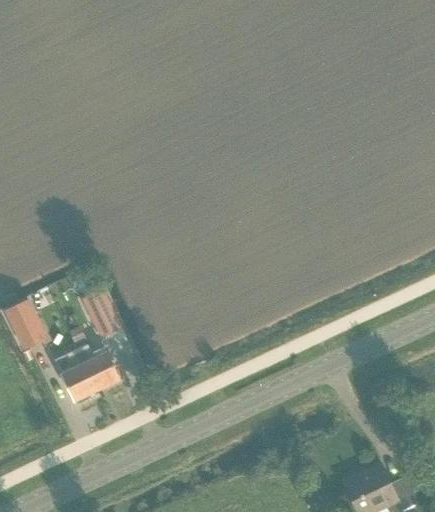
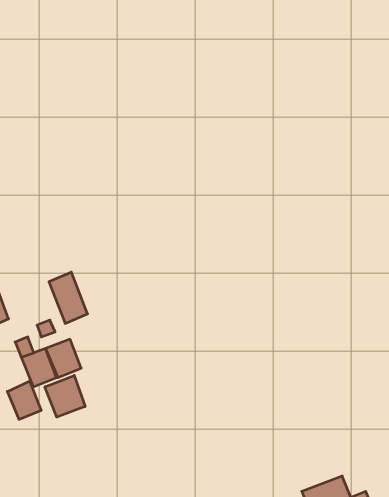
building: none -> [45,375,85,417]
building: none -> [7,381,41,419]

